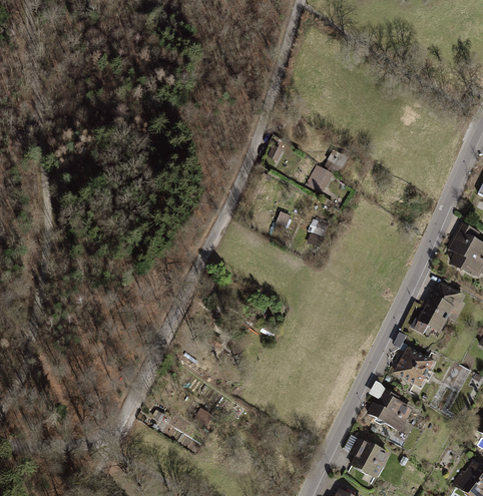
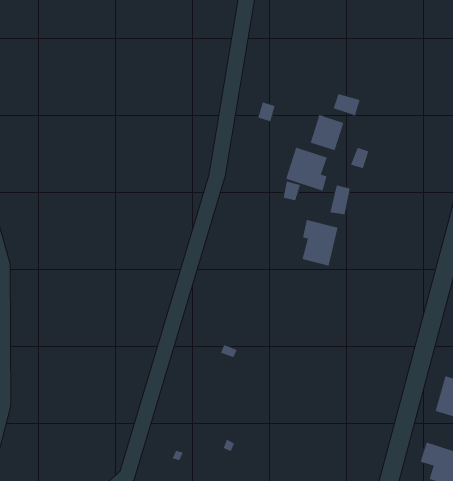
building: none -> [286,147,328,192]
building: none -> [302,219,338,266]

